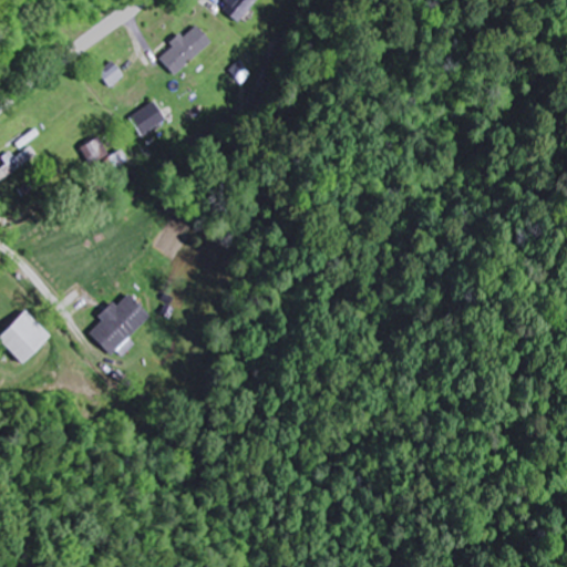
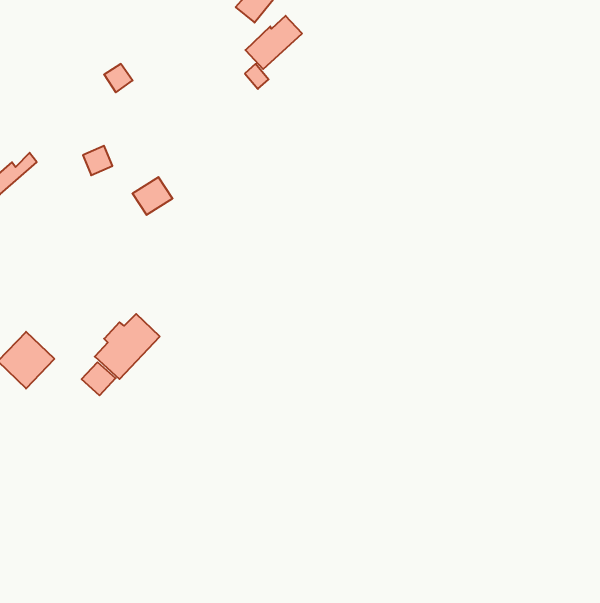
building: [158,24,212,74] -> [245,16,302,69]
building: [130,101,167,136] -> [132,177,173,215]
building: none -> [82,362,116,395]

